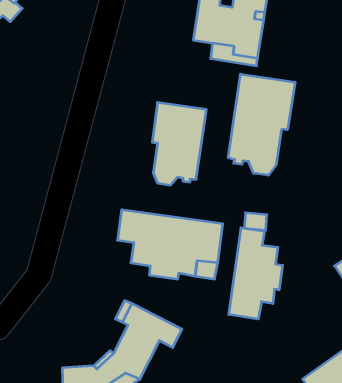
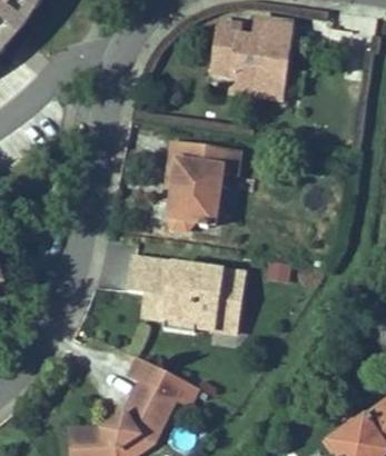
building: [228,74,295,175] -> none
building: [229,228,283,319] -> none

